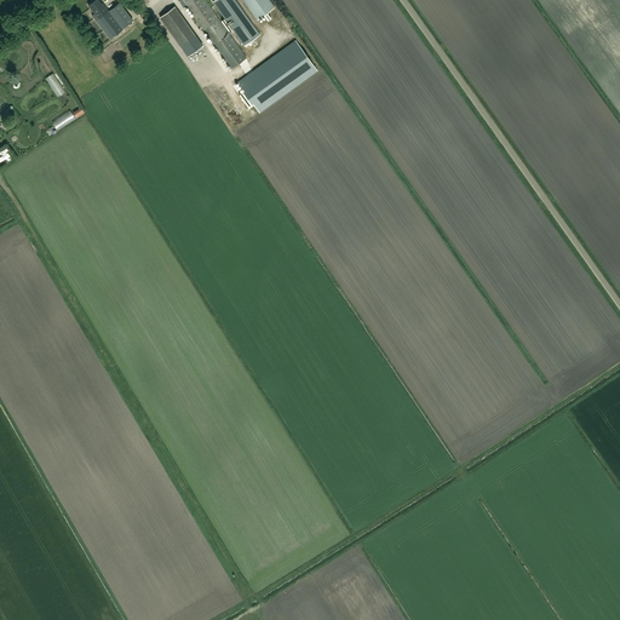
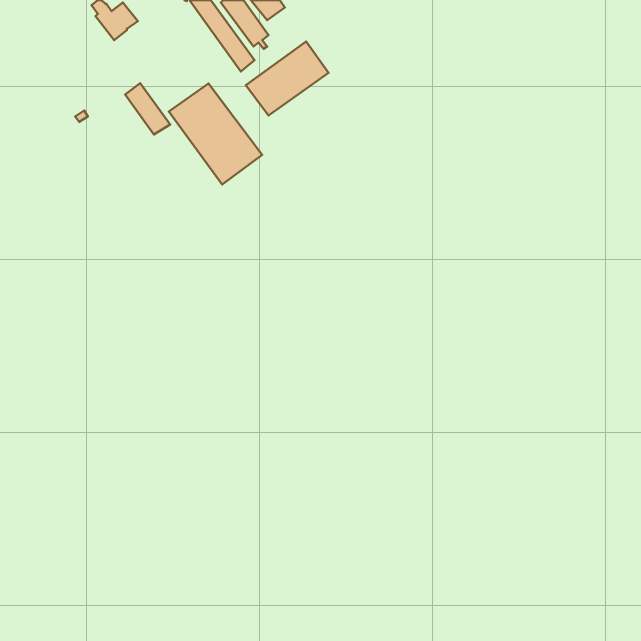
building: [160,6,203,56] -> [125,83,170,134]
building: none -> [169,83,262,184]

